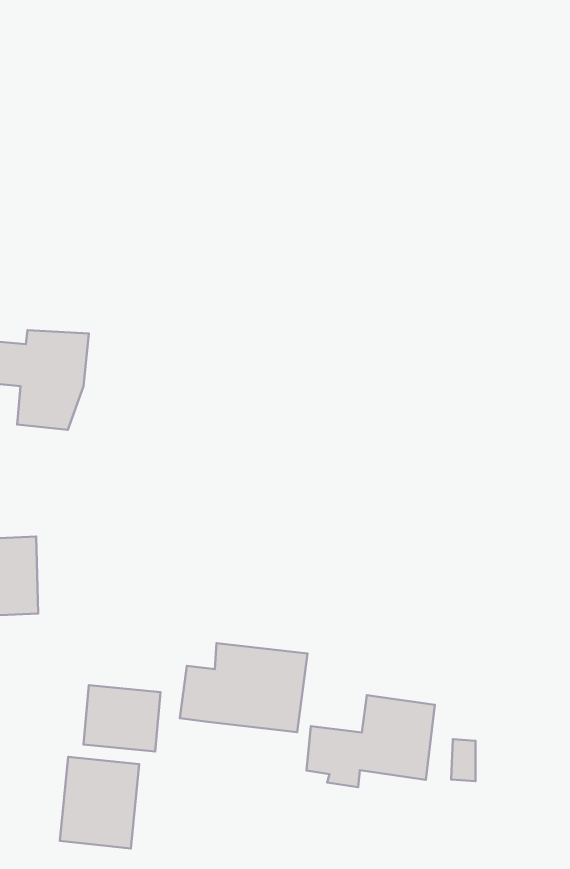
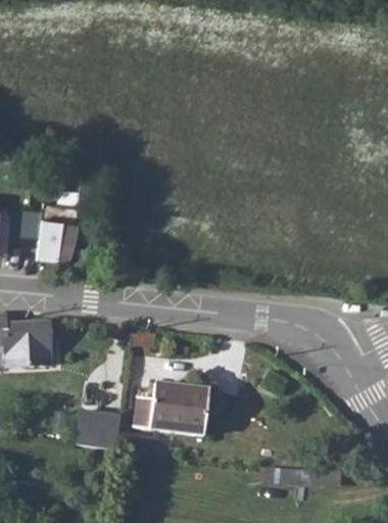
building: [307,695,435,787] -> none
building: [60,757,139,848] -> none

